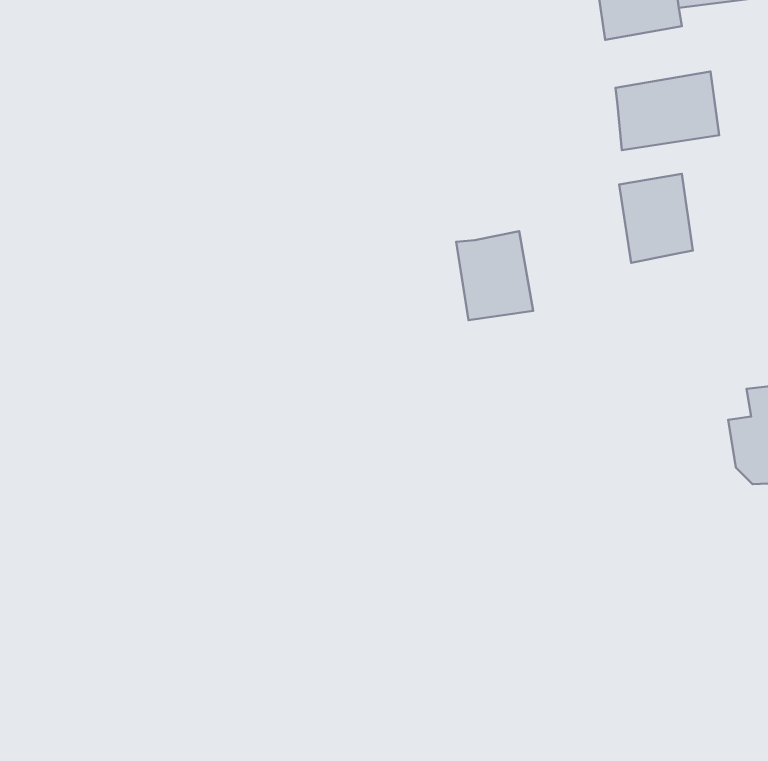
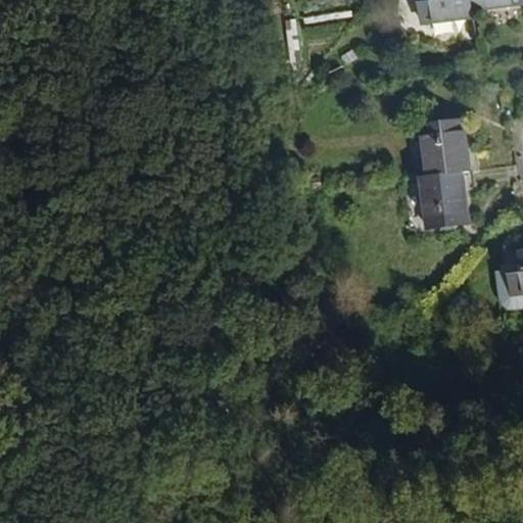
building: [615,72,719,150] -> none
building: [456,231,533,320] -> [419,169,470,228]

